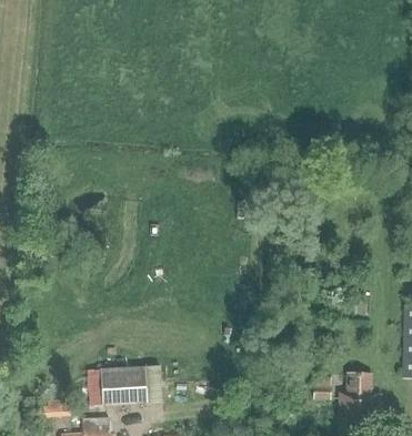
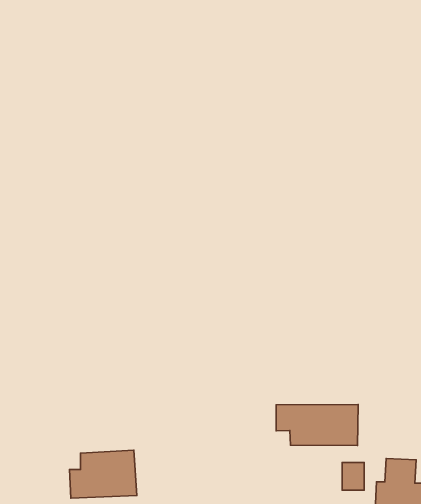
building: none -> [276,405,358,445]

